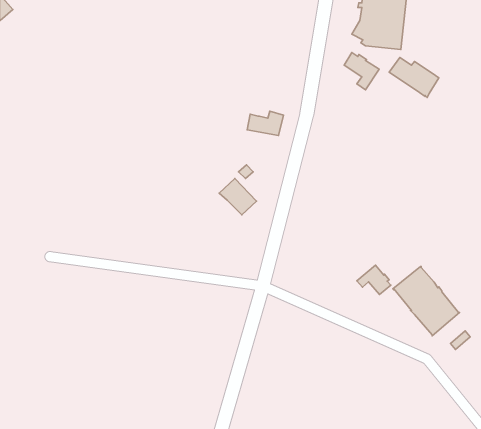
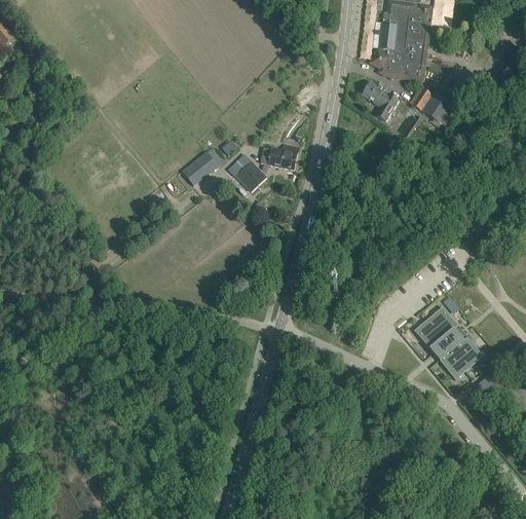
building: none -> [181,147,224,185]
building: [219,179,256,215] -> [227,153,266,191]
building: [357,265,391,294] -> none

